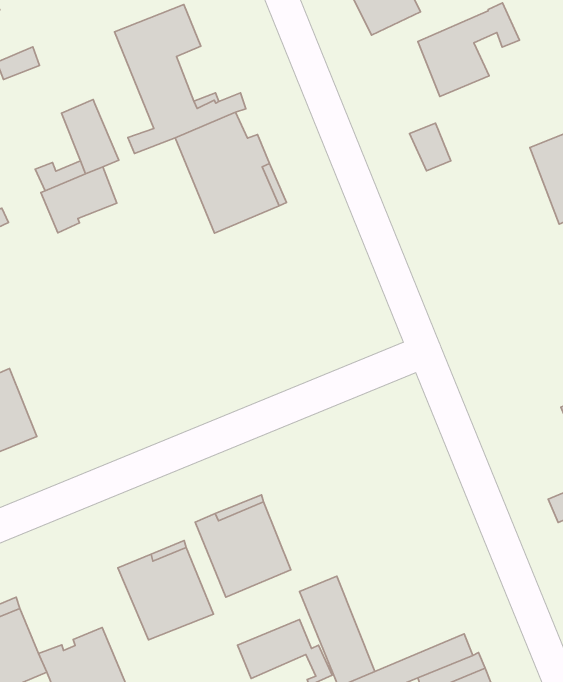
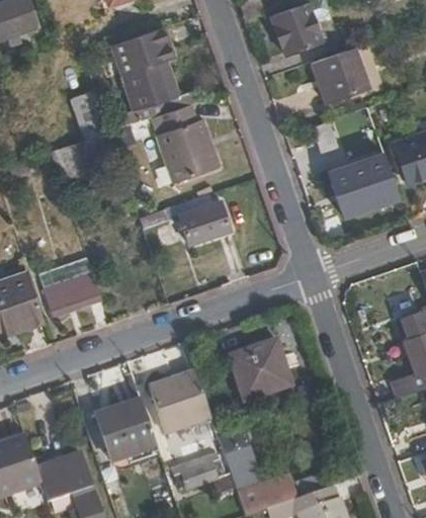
building: none -> [327,153,399,218]
building: none -> [139,194,228,246]
building: none -> [39,260,101,317]
building: none -> [230,341,290,401]

